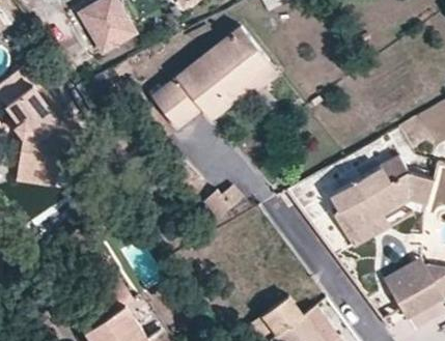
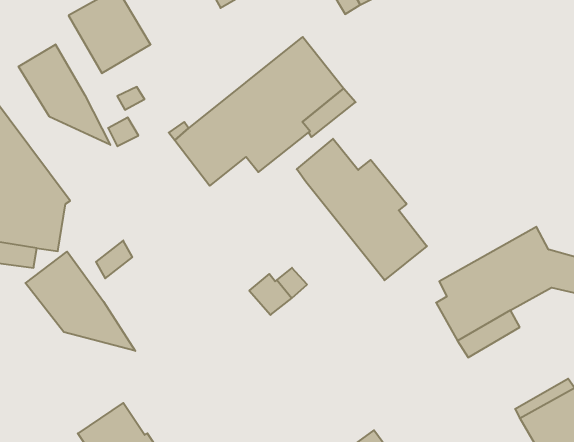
building: none -> [19,44,110,145]
building: none -> [297,139,427,280]
building: none -> [25,252,135,351]

